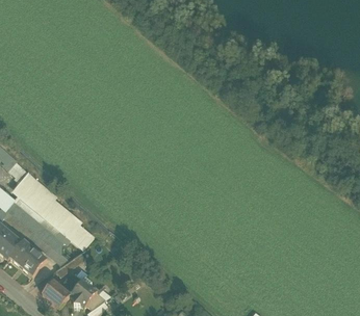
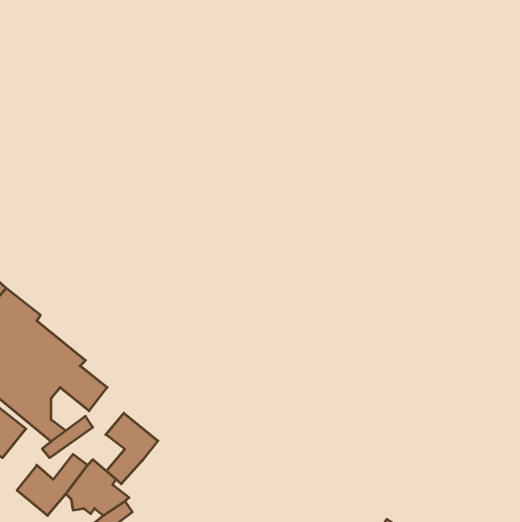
building: none -> [106,413,158,484]

